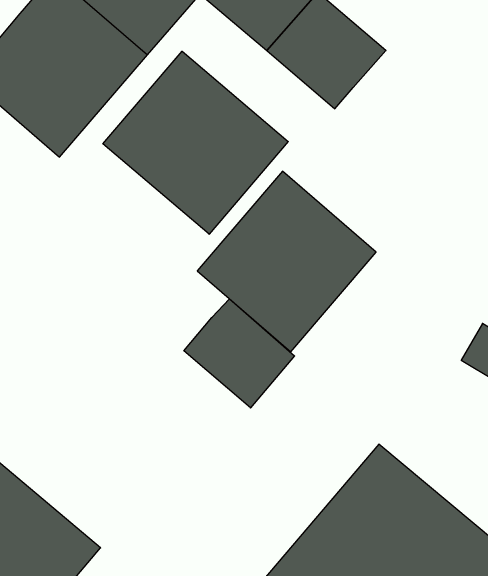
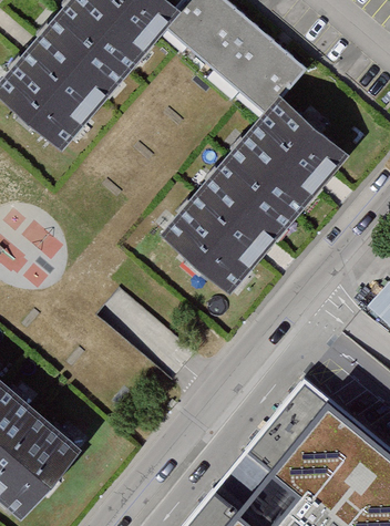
building: [103,51,288,234] -> none
building: none -> [227,97,357,226]
building: [184,299,295,408] -> none

